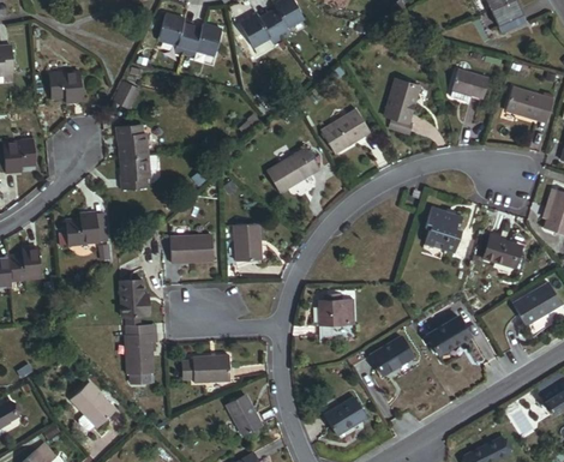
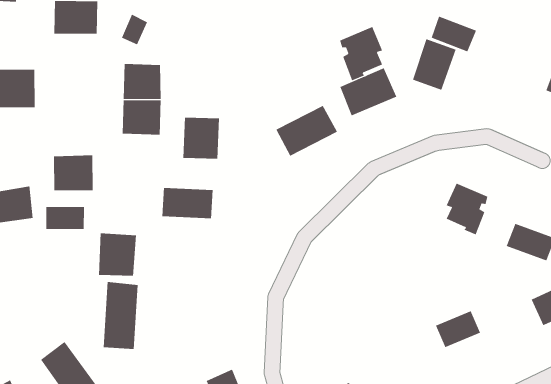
building: none -> [340,26,383,81]
building: [458,72,499,102] -> [431,16,477,52]
building: [229,222,264,262] -> [182,117,220,159]
building: none -> [46,206,84,230]
building: [317,295,344,326] -> none
building: [367,335,415,379] -> none
building: [181,353,230,383] -> none

